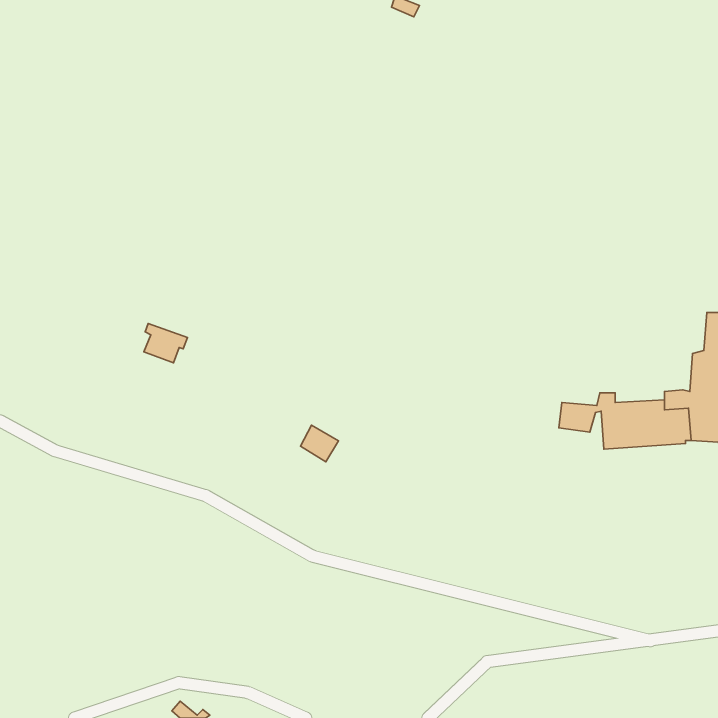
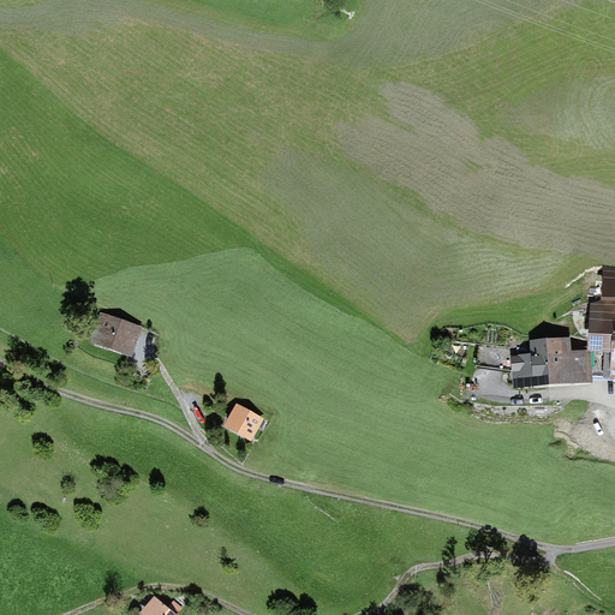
building: [144,324,188,363] -> [102,316,139,350]
building: [300,425,338,462] -> [229,406,262,437]

